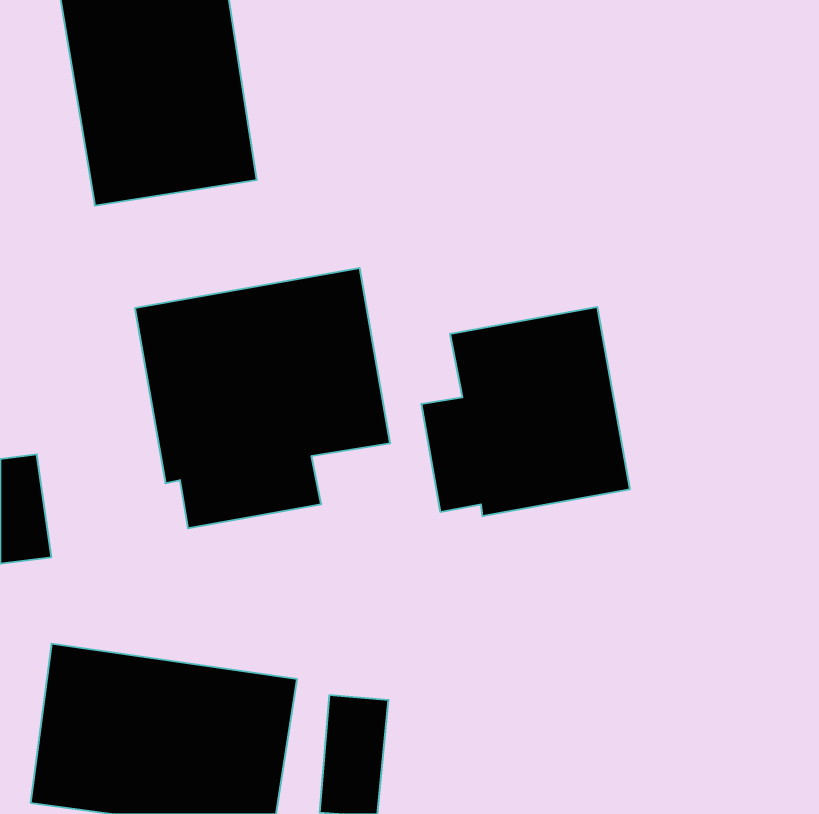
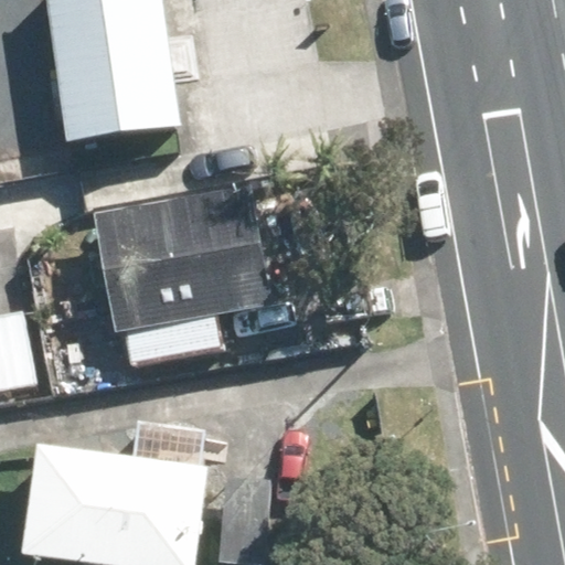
building: [422,307,630,516] -> none

